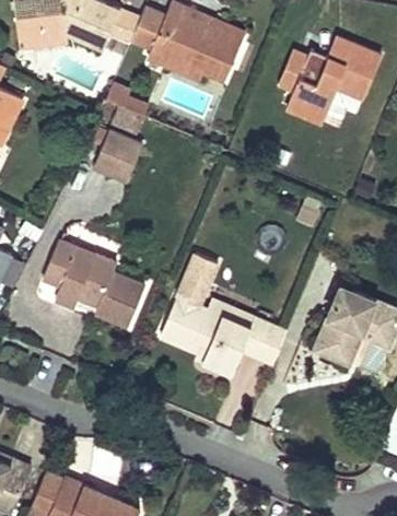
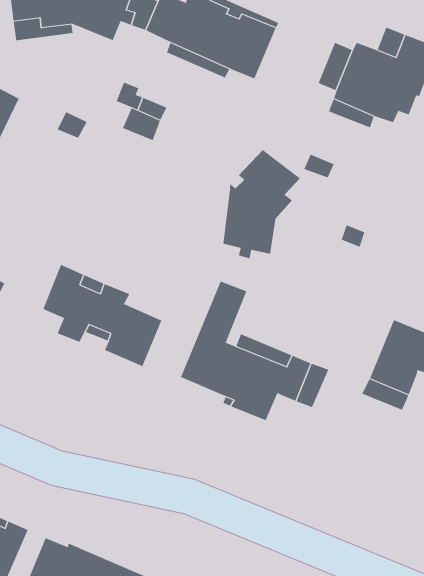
building: [93,131,142,180] -> none
building: none -> [223,149,301,259]

